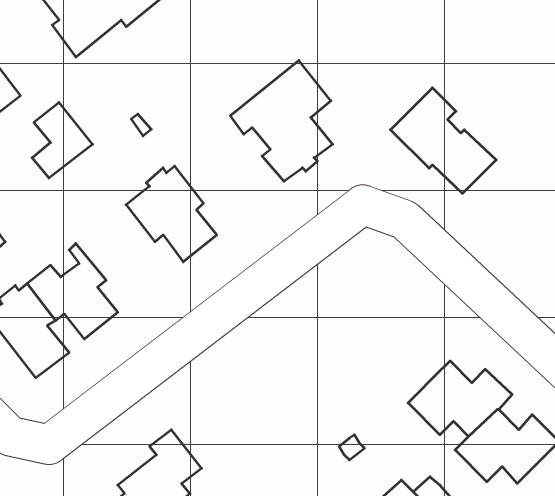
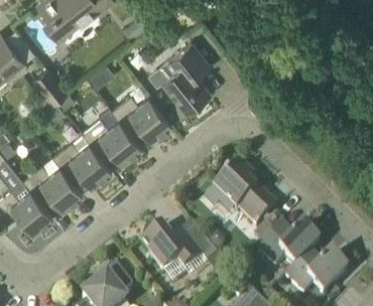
building: [390,88,496,193] -> [215,165,278,228]
building: none -> [118,96,172,140]
building: none -> [58,130,113,187]
building: none -> [142,229,218,275]

